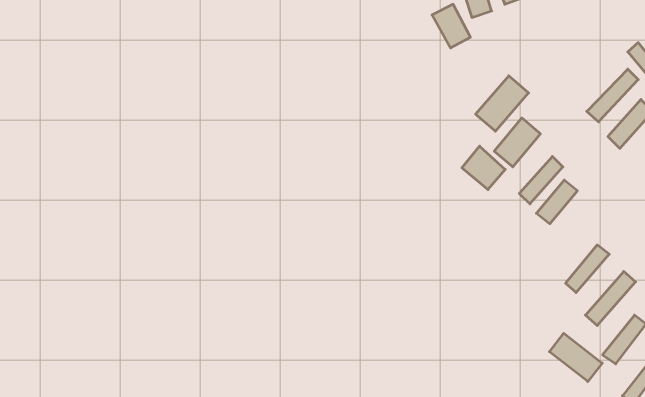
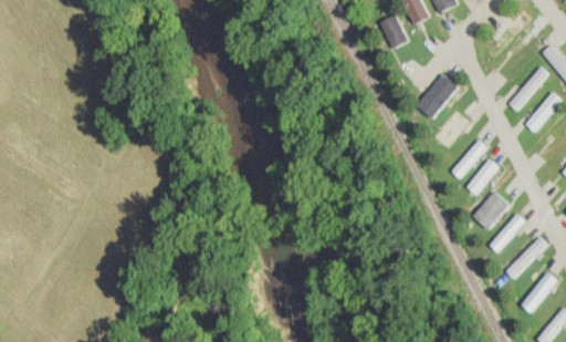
building: [462,146,505,190] -> none
building: none -> [471,190,509,229]
building: [549,333,602,382] -> none

